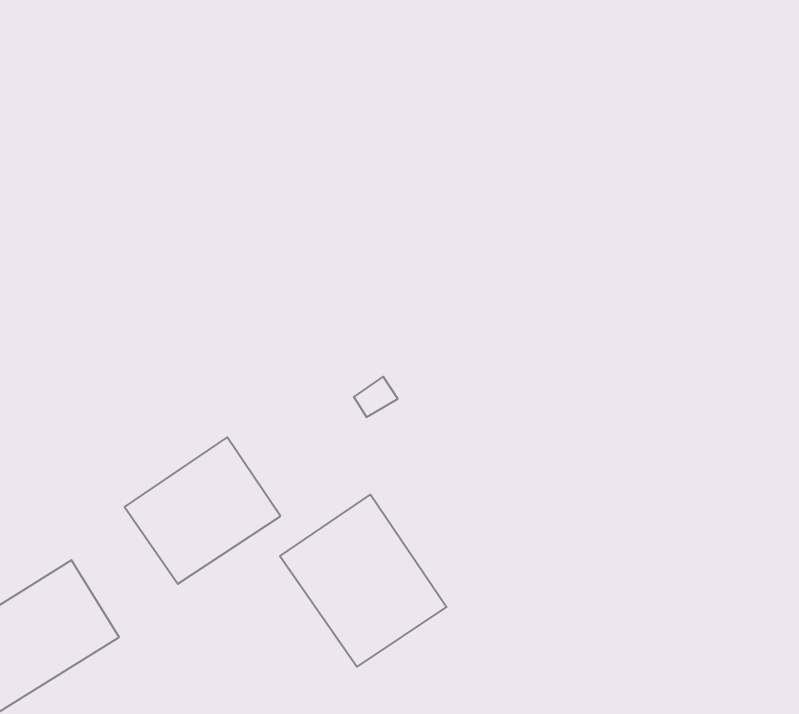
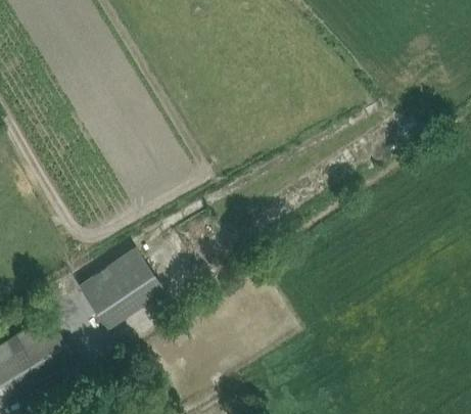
building: [280,495,447,667] -> none

